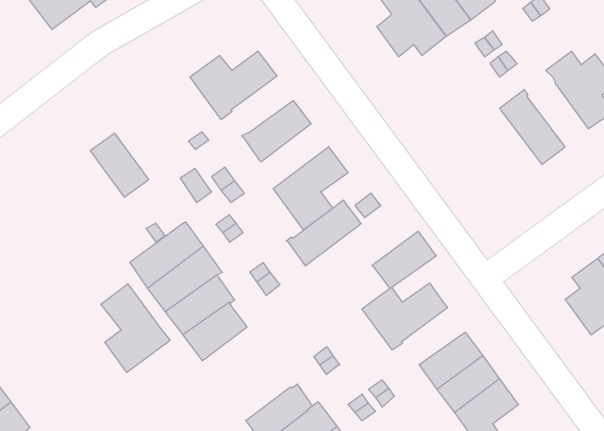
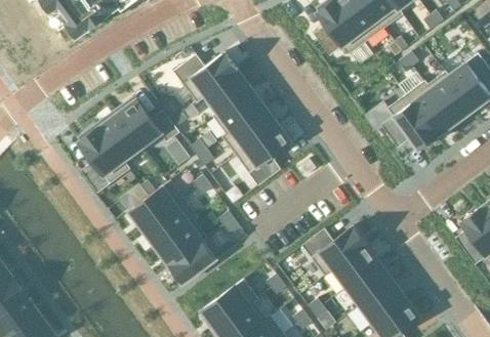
building: none -> [204,70,251,113]
building: none -> [426,71,473,123]
building: none -> [381,94,438,150]
building: none -> [117,98,179,148]
building: [286,200,361,266] -> [221,106,278,155]
building: [372,231,436,289] -> [332,244,380,287]
building: [101,284,170,373] -> [78,126,130,193]
building: none -> [202,279,258,329]

